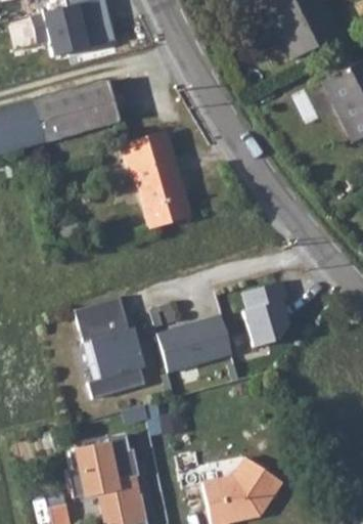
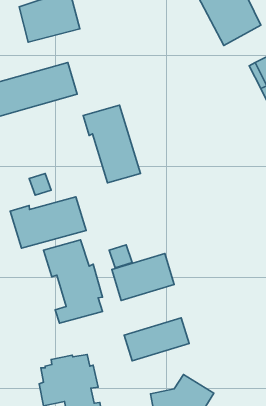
building: none -> [10,197,86,248]
building: [242,280,286,344] -> none
building: none -> [124,318,189,361]

